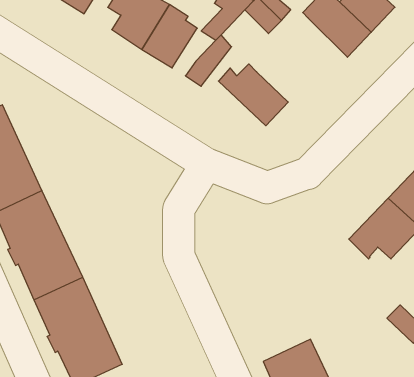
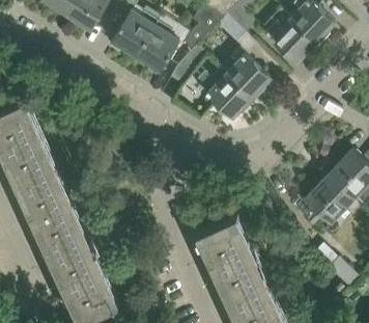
building: none -> [225,47,269,98]
building: none -> [196,216,267,302]

